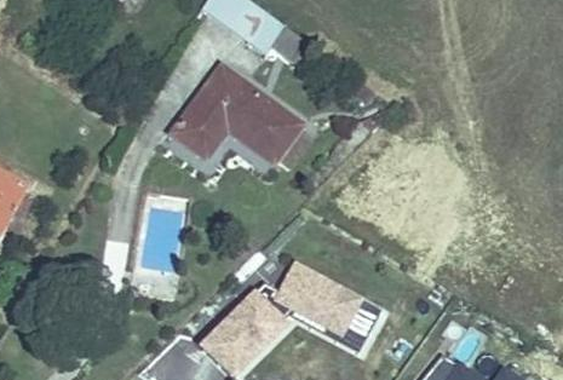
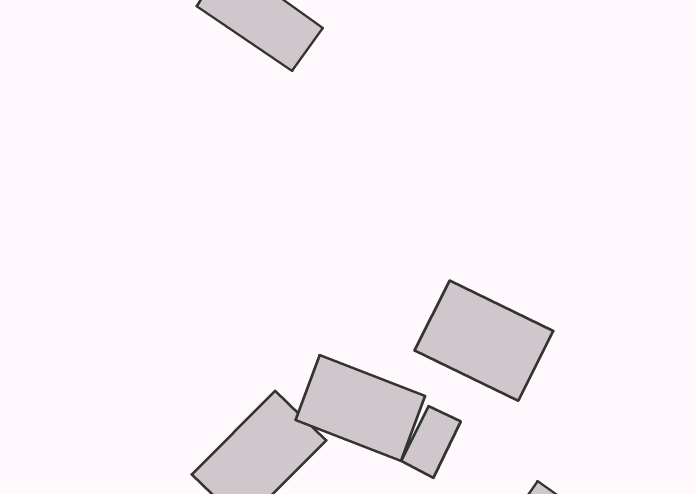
building: [174,70,304,166] -> none
building: none -> [415,281,553,401]

